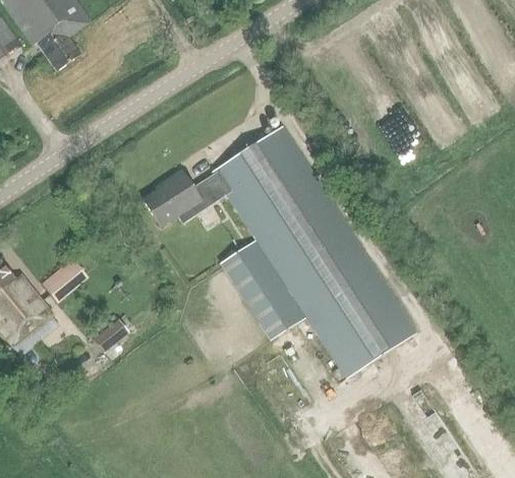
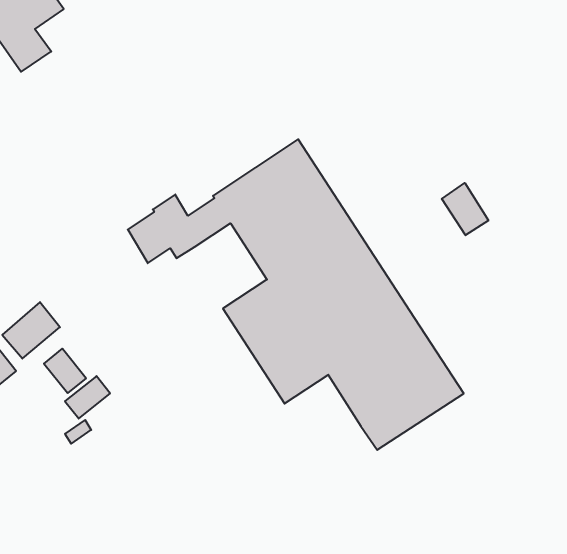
building: none -> [442,183,488,235]
building: none -> [44,349,86,393]

